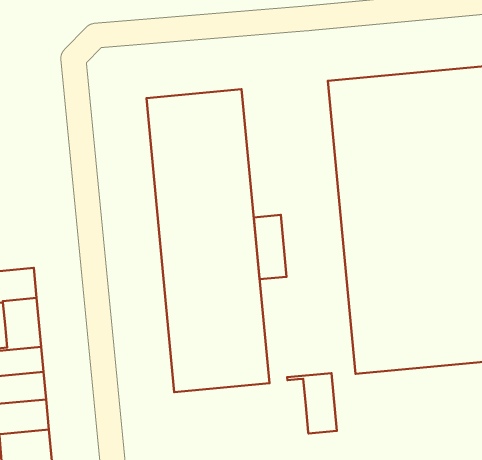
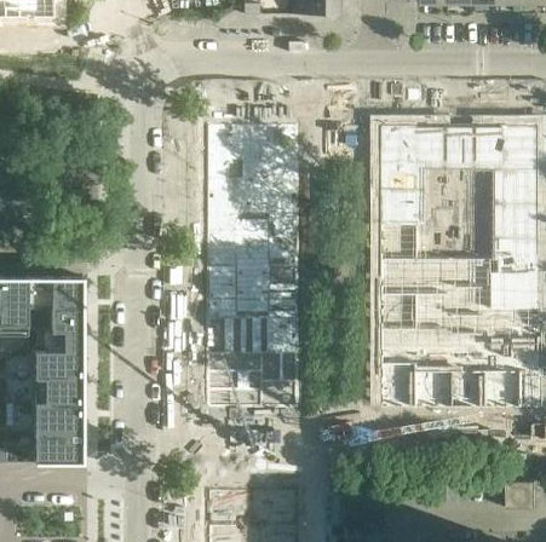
building: [254,215,287,279] -> none
building: [287,373,337,434] -> none

